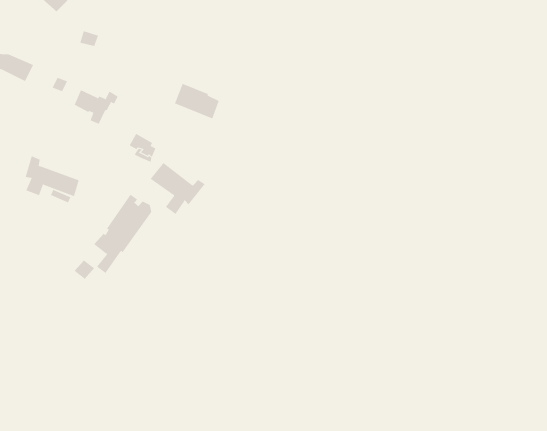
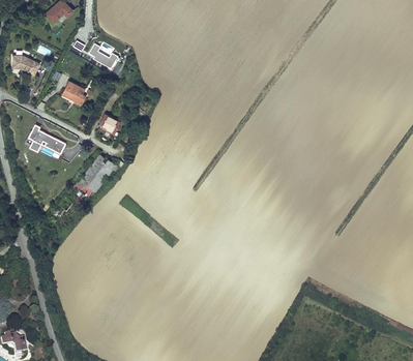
building: [174,83,219,119] -> [86,42,117,68]
building: [150,162,206,215] -> none

